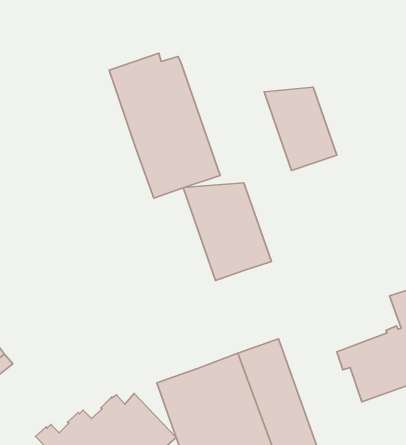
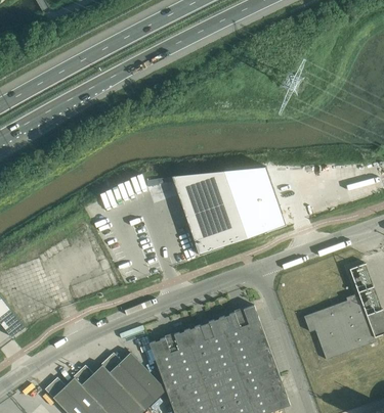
building: [109,53,220,198] -> none
building: [264,87,337,171] -> [224,169,287,240]

